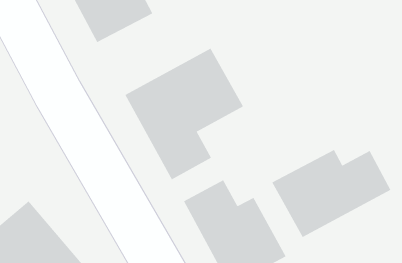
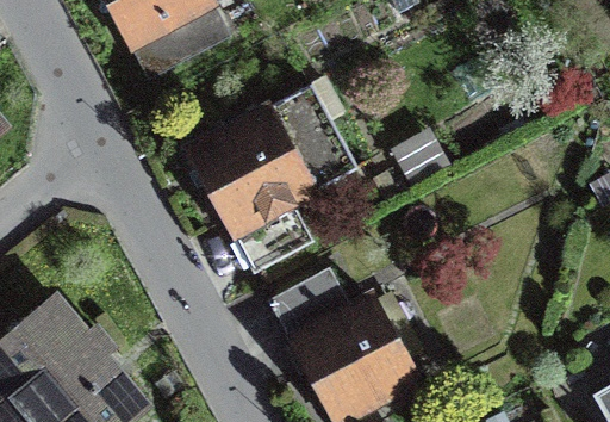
building: [272,149,391,238] -> none

